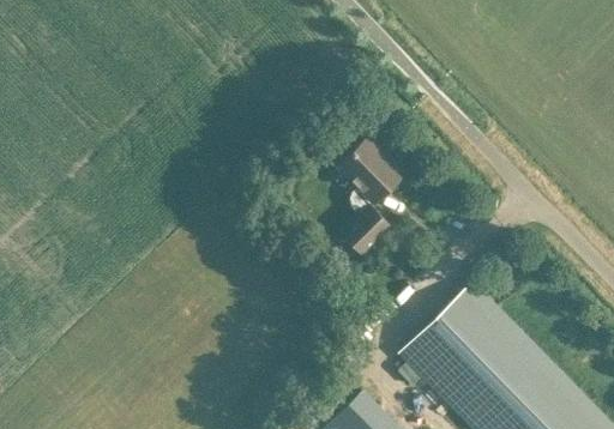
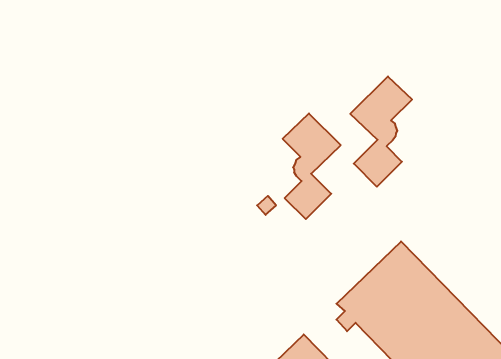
building: none -> [350,76,412,187]

